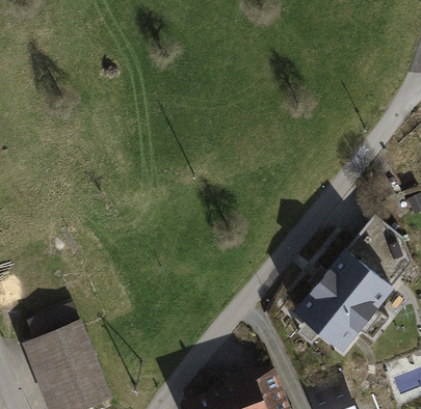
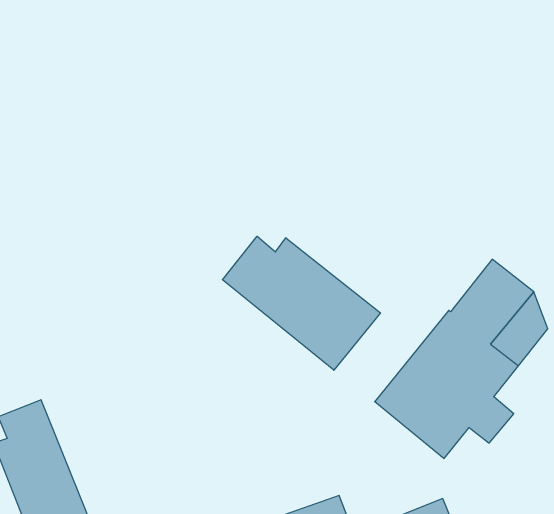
building: none -> [222,236,380,370]

